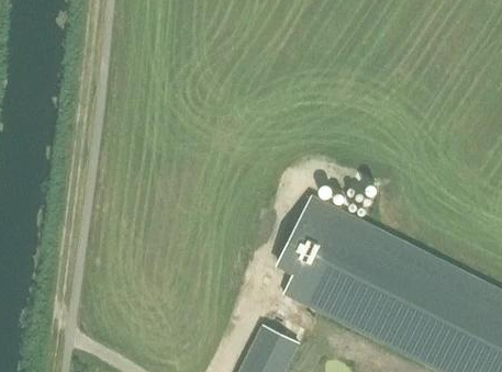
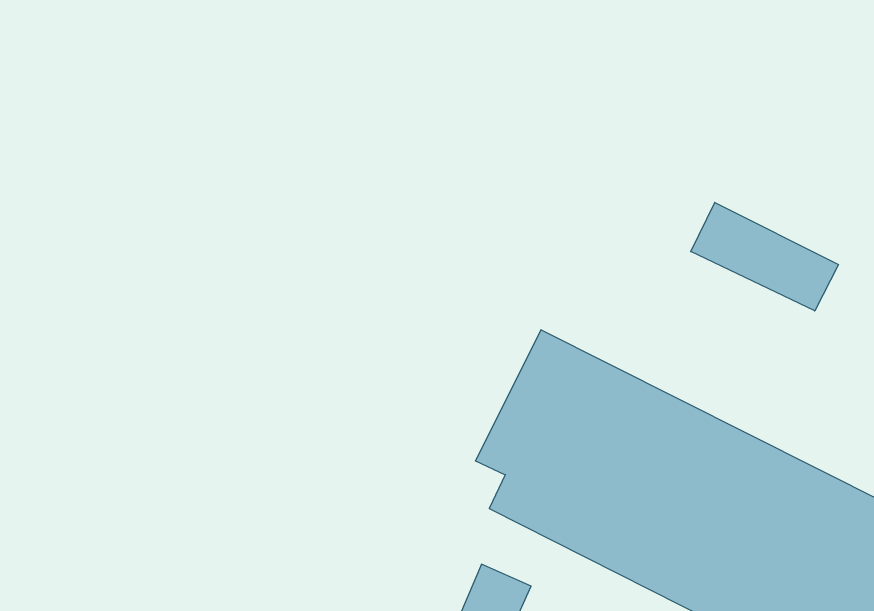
building: none -> [691,202,838,311]

